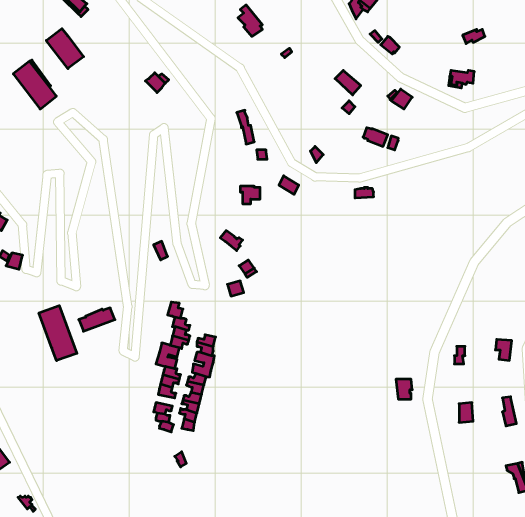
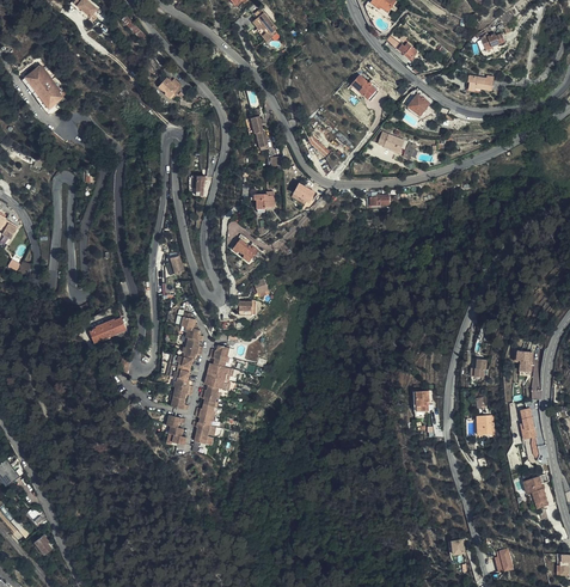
building: [46,29,84,69] -> none
building: [39,306,77,361] -> none

